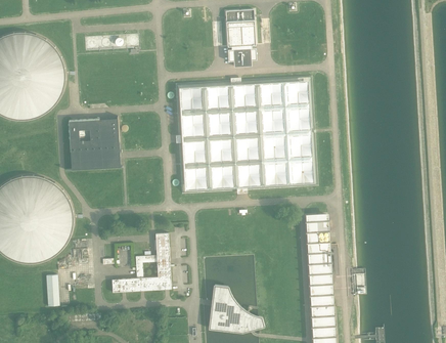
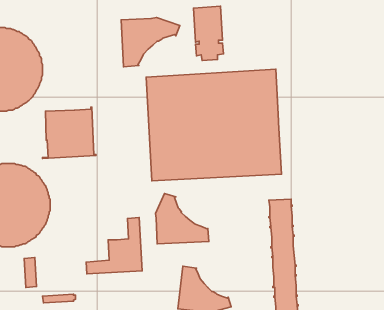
building: none -> [121,18,180,67]
building: none -> [156,194,209,244]

